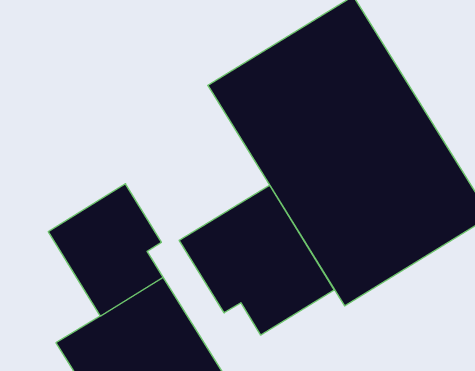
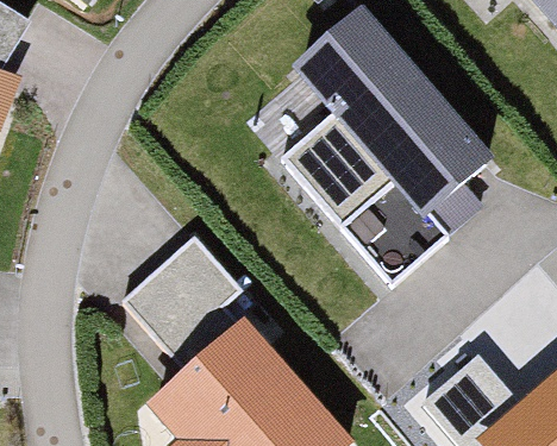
building: [179,185,334,335] -> none

